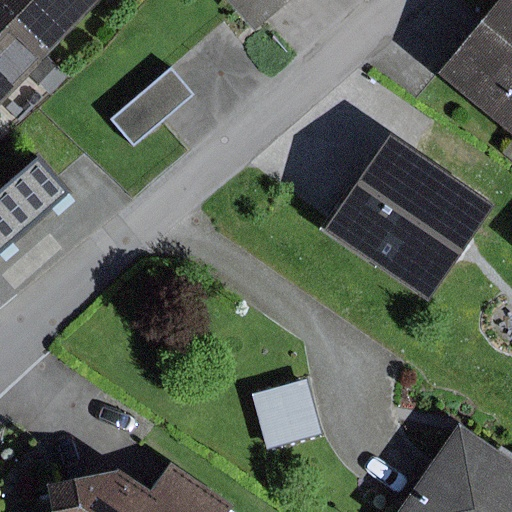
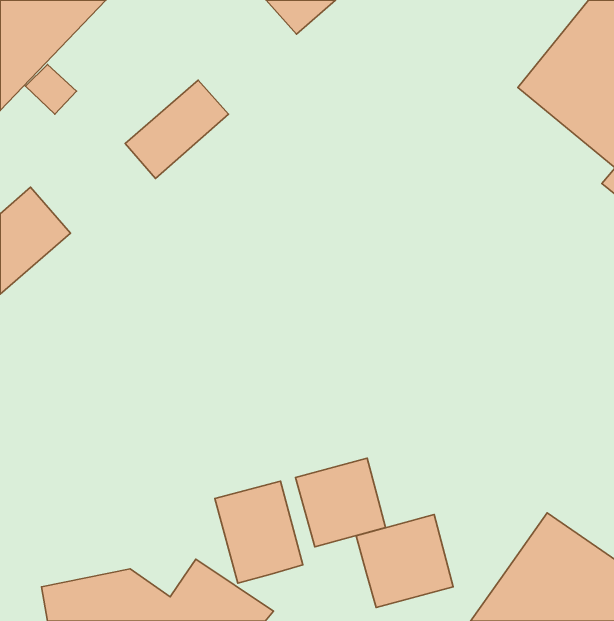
building: [334,140,499,302] -> none
building: none -> [215,481,303,583]
building: none -> [356,515,453,607]

